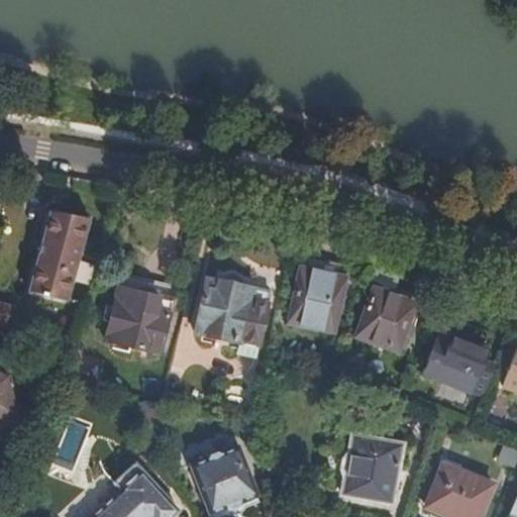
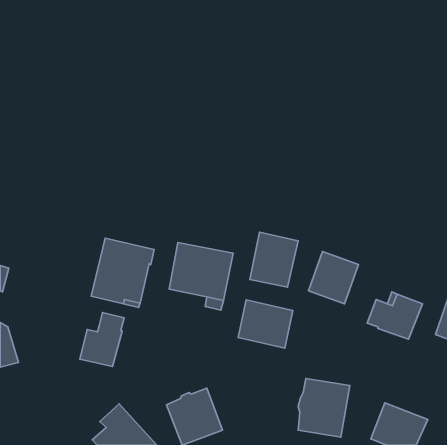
building: [29,212,90,303] -> none
building: none -> [238,300,293,348]
building: none -> [80,312,124,366]

